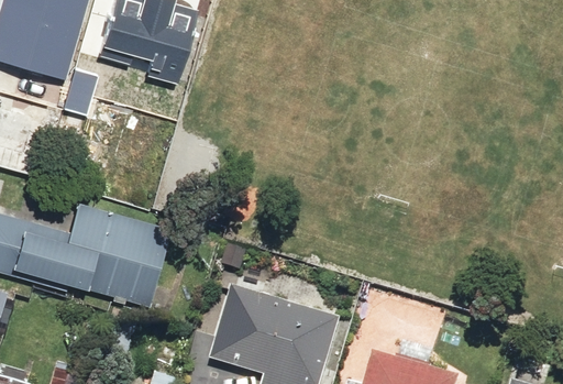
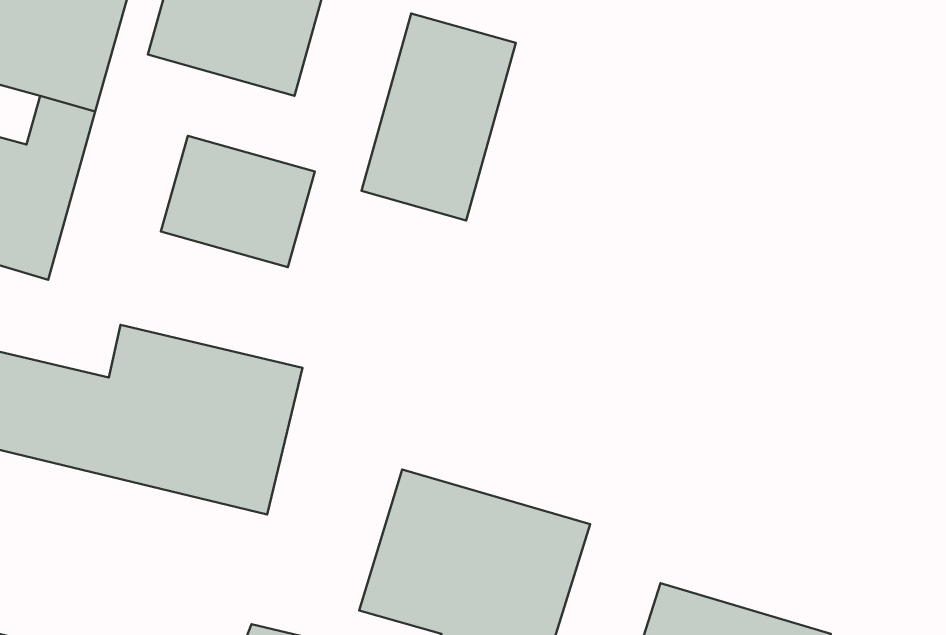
building: none -> [361,13,516,220]
building: none -> [161,136,315,267]

